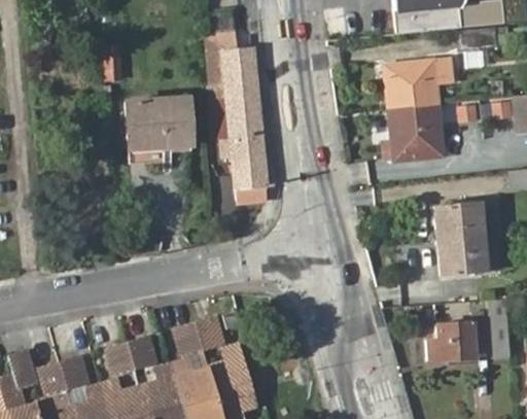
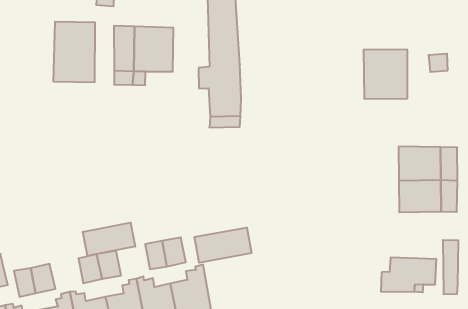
building: [387,59,445,106] -> none
building: none -> [54,22,95,82]
building: none -> [194,227,251,263]
building: none -> [83,222,135,256]

